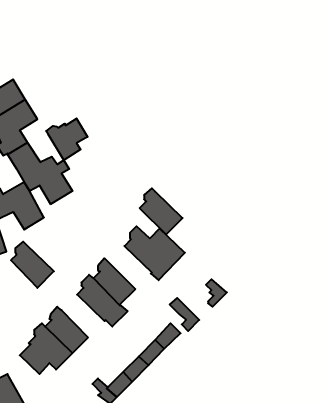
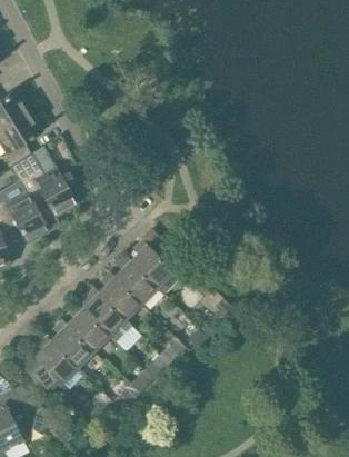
building: [46,118,88,160] -> none
building: [140,188,183,235] -> [113,258,157,305]
building: [11,242,54,288] -> [66,307,109,354]

